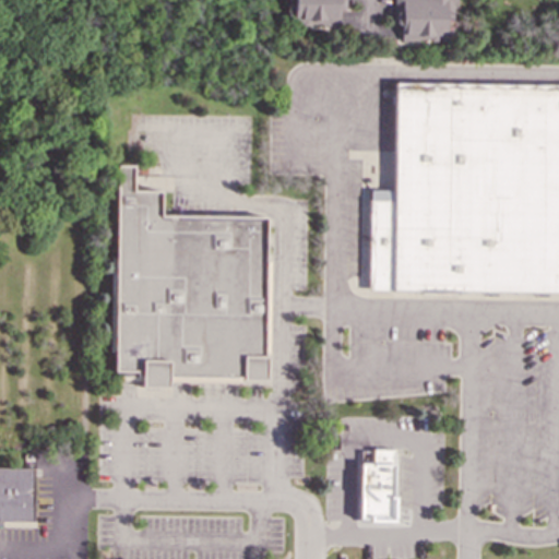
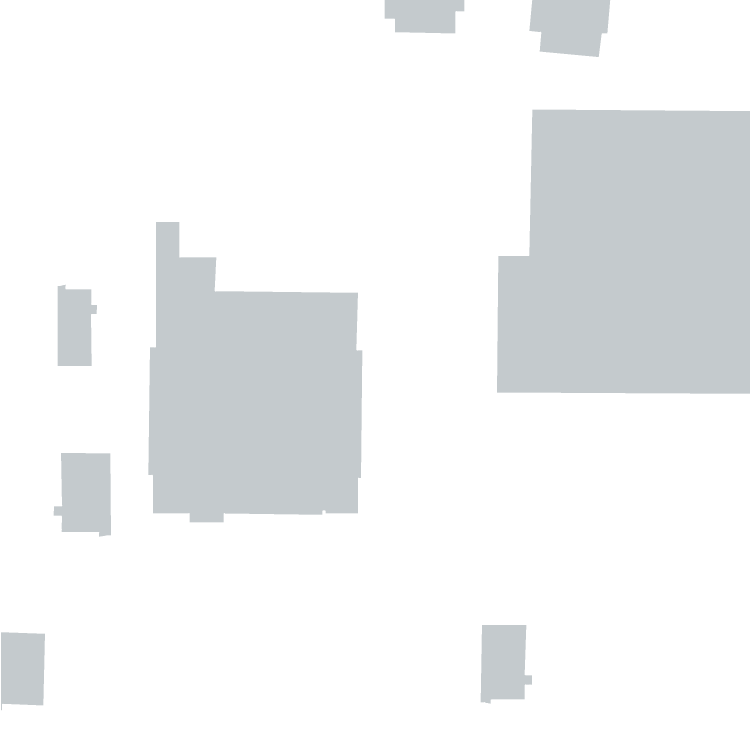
building: none -> [57,284,97,367]
building: none -> [53,452,112,538]

